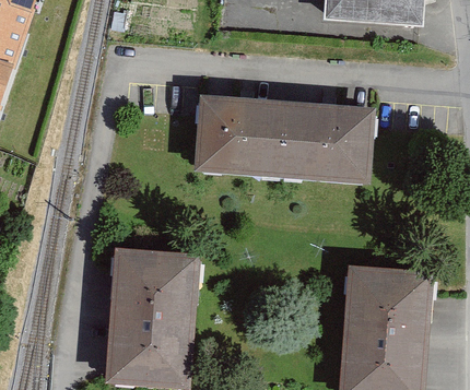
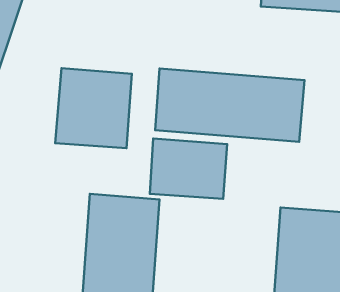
building: none -> [55,68,132,148]
building: none -> [150,138,227,199]

